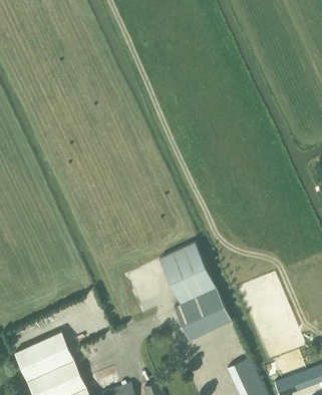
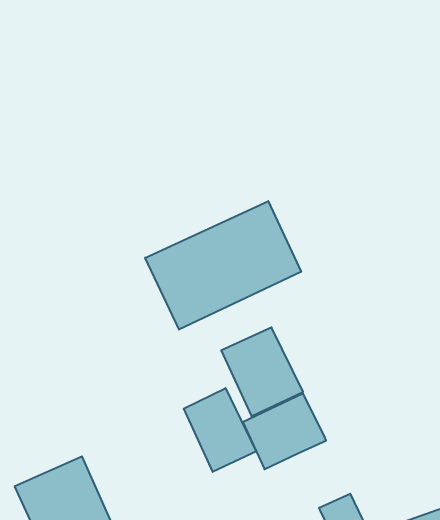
building: none -> [145,201,301,330]
building: none -> [184,388,256,472]

